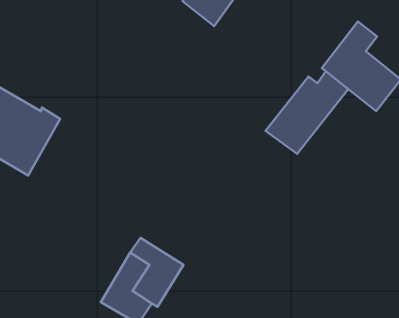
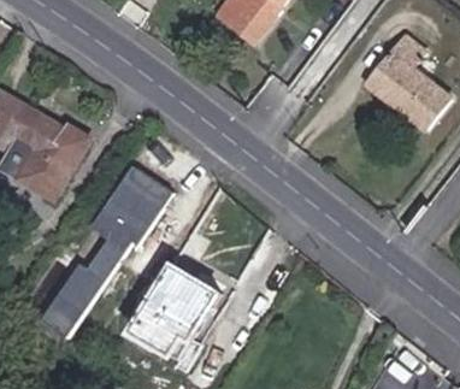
building: [265,71,348,154] -> none
building: none -> [37,161,166,341]

